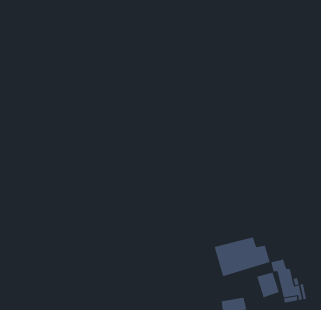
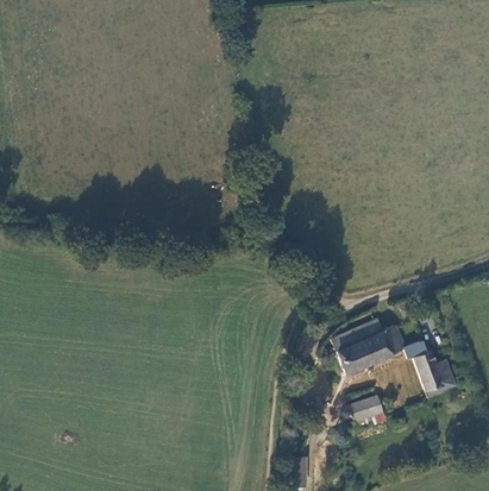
building: [257,272,280,298] -> none

